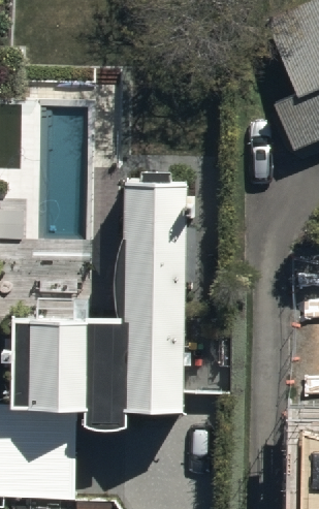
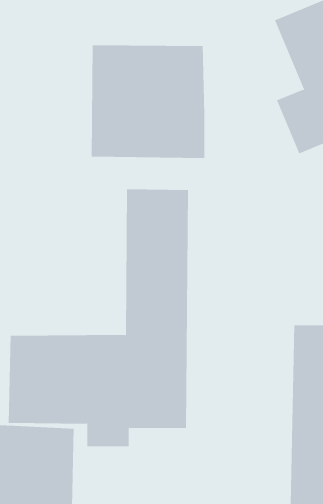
building: none -> [91,45,205,159]

